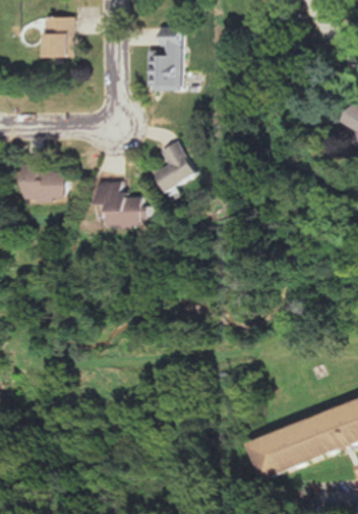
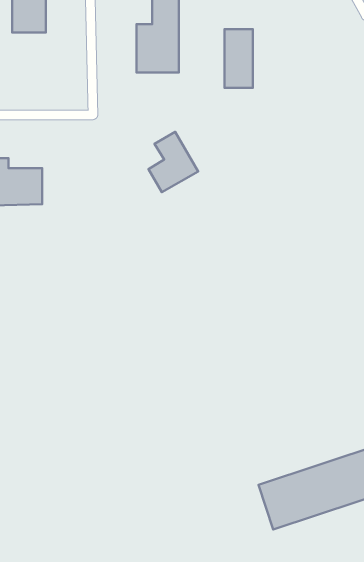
building: none -> [224,29,253,88]
building: [97,180,148,225] -> none

